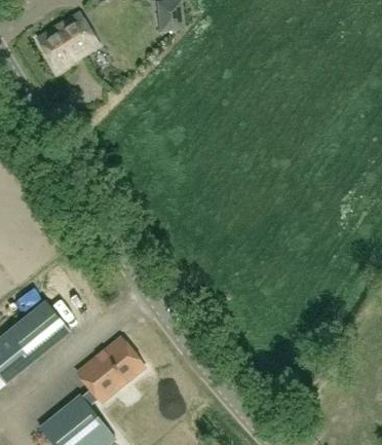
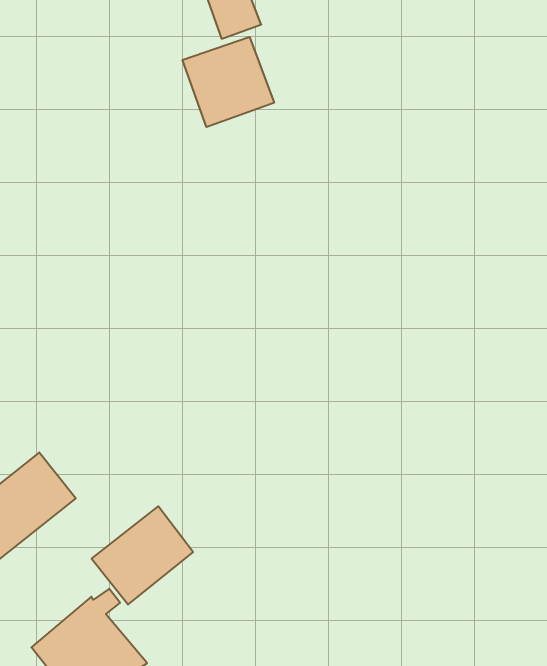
building: [37,12,99,71] -> none
building: none -> [183,37,274,127]

